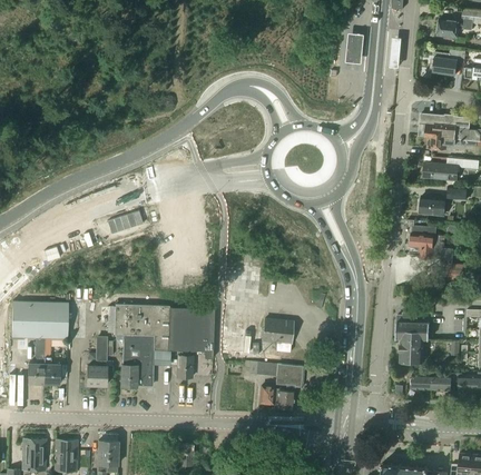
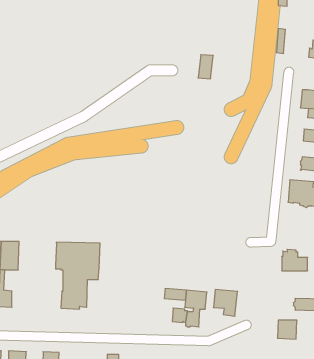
building: [343,33,362,63] -> [198,55,213,79]
building: [169,307,214,378] -> none
building: [263,319,293,353] -> [213,290,238,316]
building: [87,339,112,386] -> none
building: [400,339,424,363] -> [277,320,297,339]

